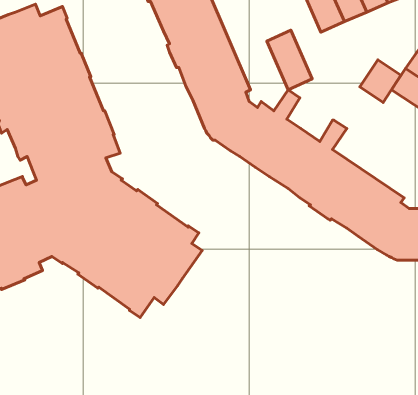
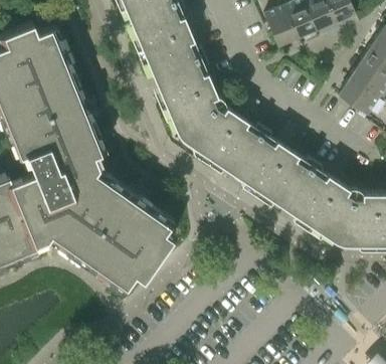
building: [267,30,312,90] -> none
building: [360,60,401,102] -> none

